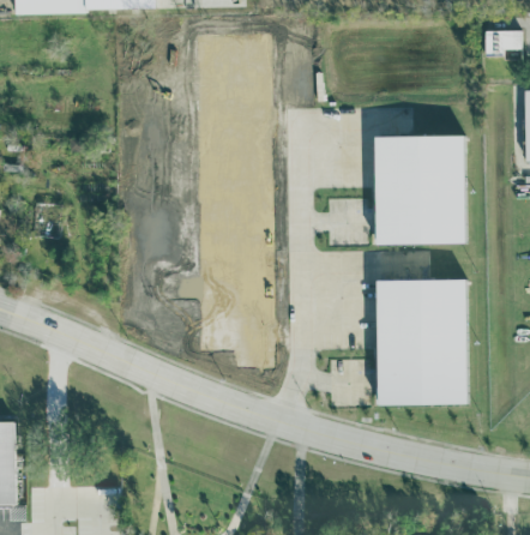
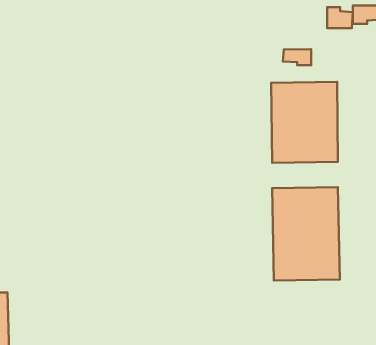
building: none -> [327,7,353,28]
building: none -> [283,49,311,65]

